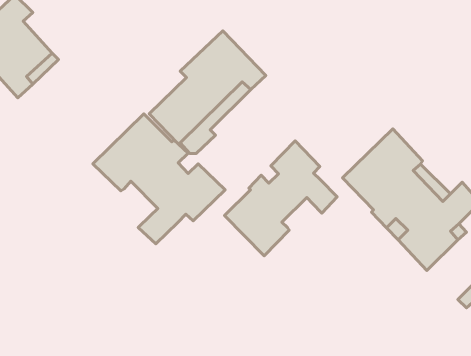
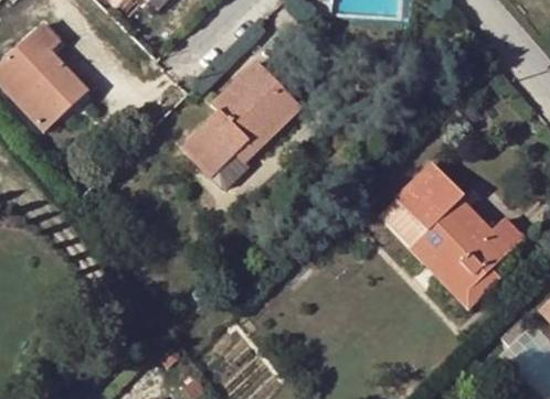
building: [93,114,225,244] -> none
building: [224,141,337,256] -> none

